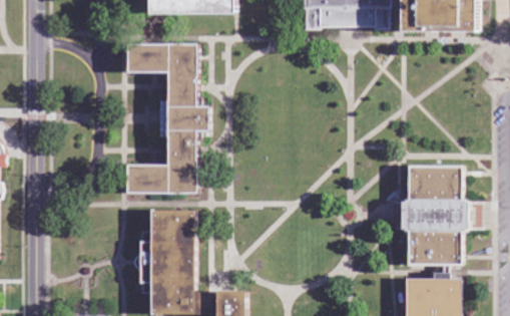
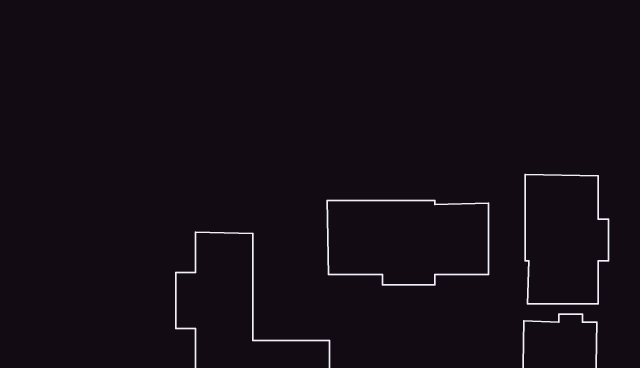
building: [127,43,209,194] -> none
building: none -> [327,201,489,285]

